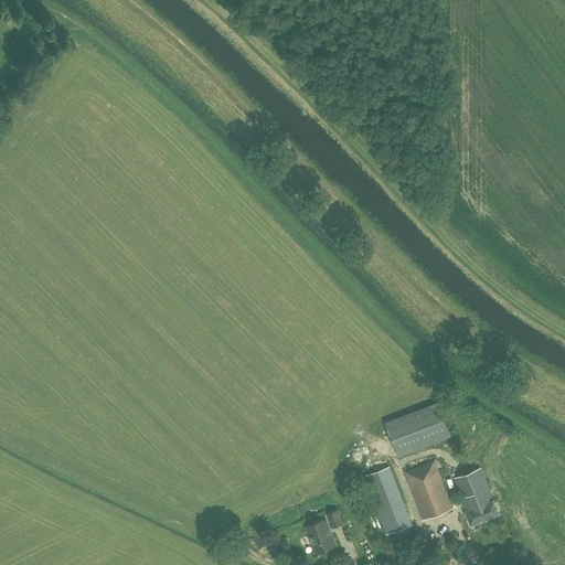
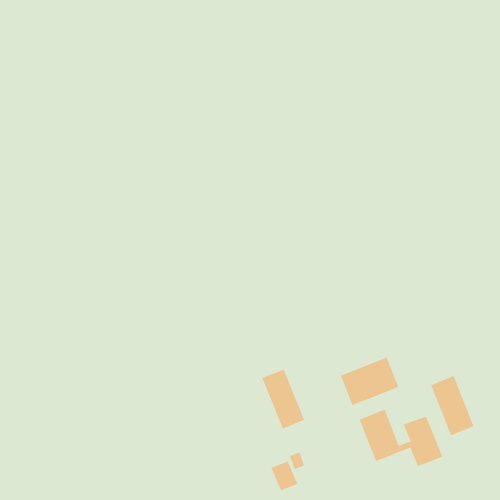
building: none -> [430,375,474,436]
building: [362,468,411,535] -> [262,369,305,429]

